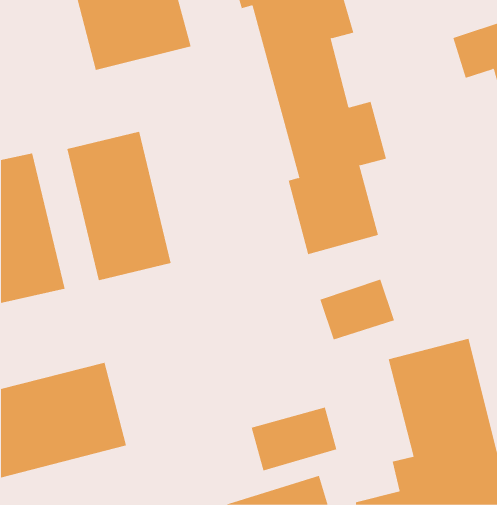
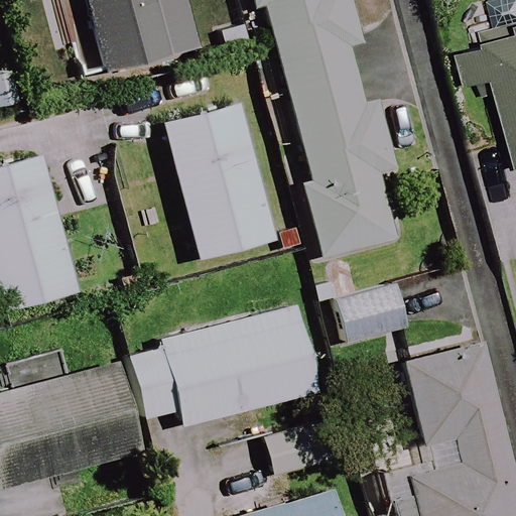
building: [66,131,172,281] -> [167,108,274,260]
building: none -> [132,302,320,428]

